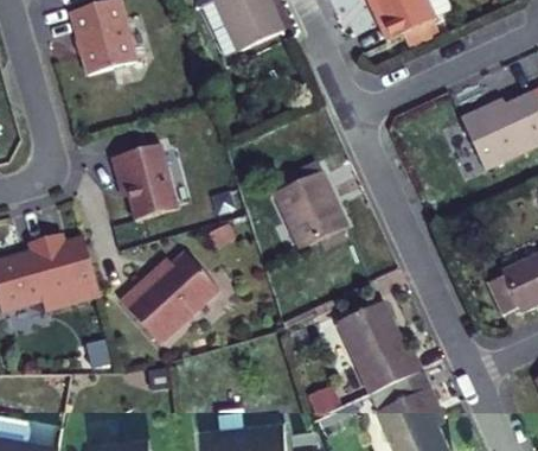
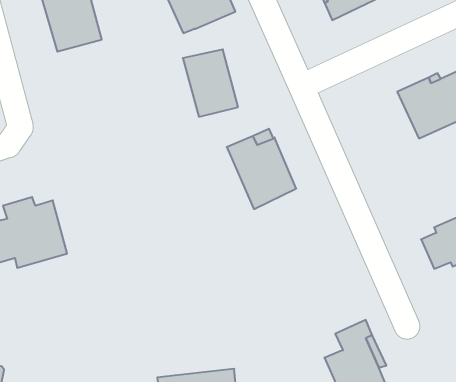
building: [116,146,177,220] -> [183,49,238,117]
building: [120,253,219,345] -> none
building: [339,299,424,392] -> none

